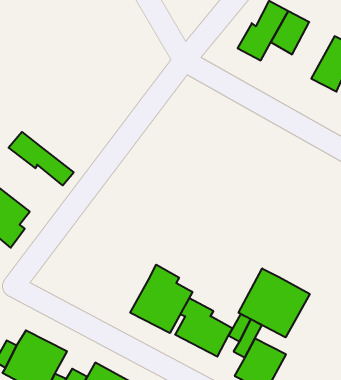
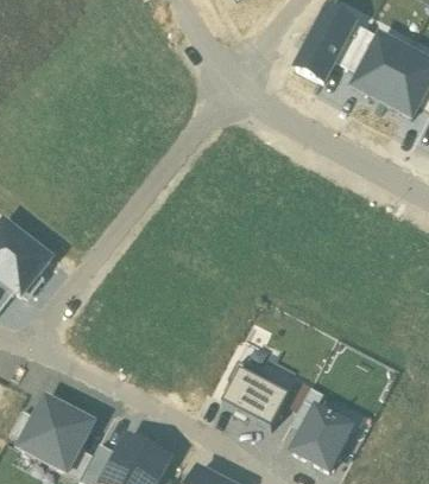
building: none -> [354,32,410,98]
building: [9,132,74,185] -> none
building: [130,265,192,333] -> none
building: [239,268,310,337] -> none

